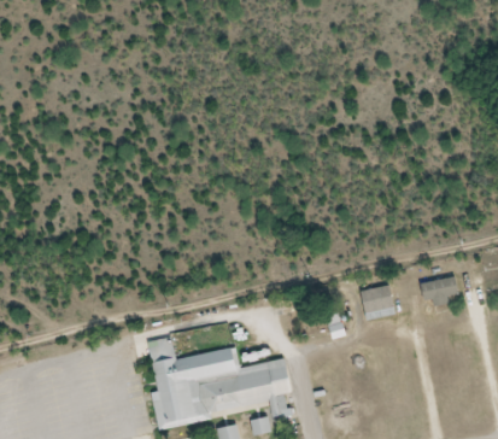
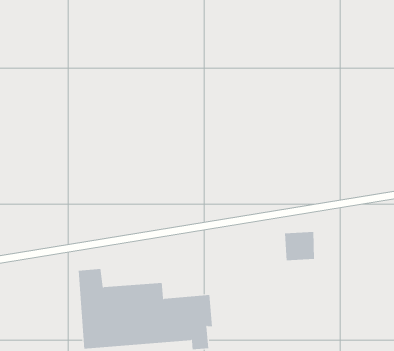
building: [418,277,455,304] -> none

